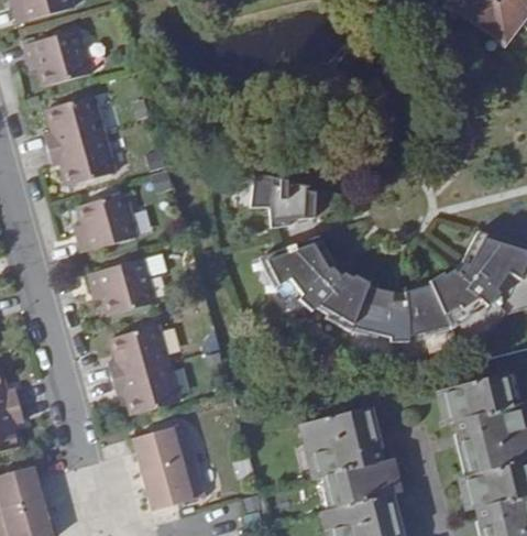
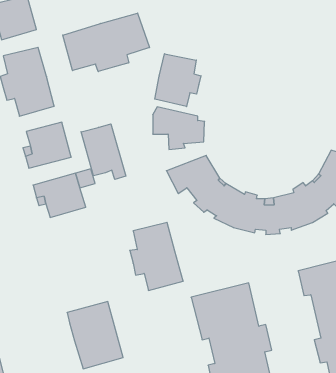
building: none -> [63,13,149,72]
building: none -> [155,54,201,107]
building: none -> [81,124,126,179]
building: [110,328,179,416] -> [130,222,183,290]

